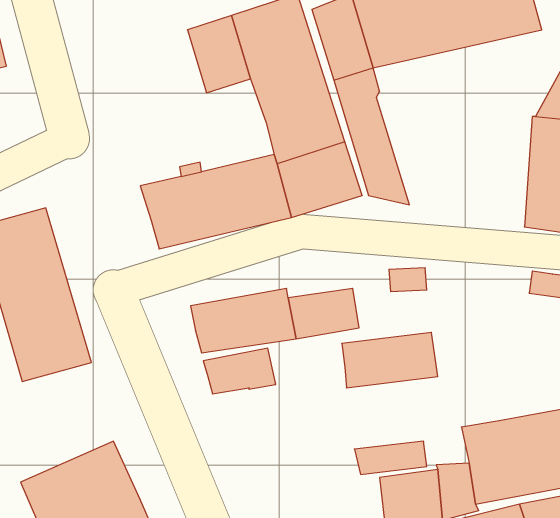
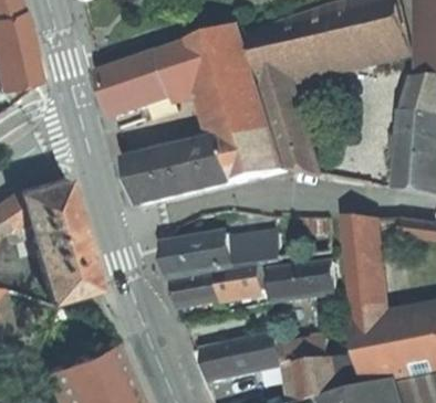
building: none -> [98,50,172,115]
building: none -> [341,216,377,328]
building: none -> [215,264,262,297]
building: none -> [198,332,278,380]

